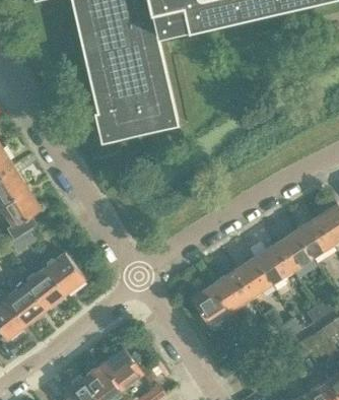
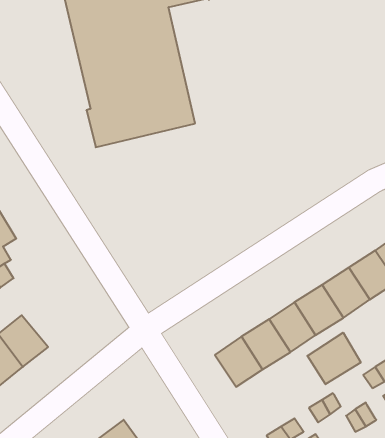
building: [45,253,84,293] -> none
building: none -> [307,333,361,384]

